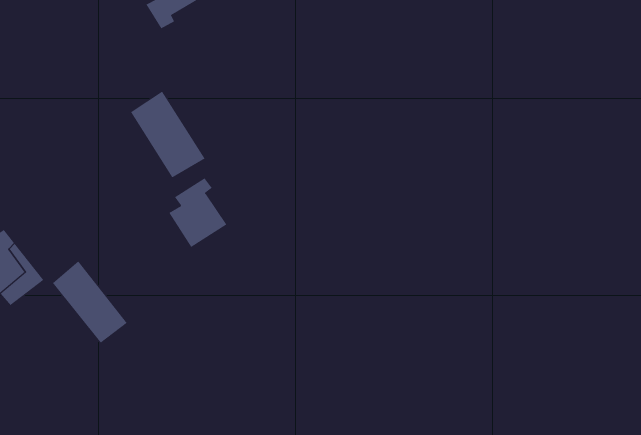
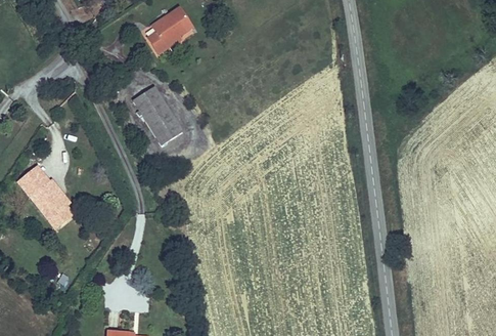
building: [169,177,227,248] -> none
building: [52,261,128,344] -> none

